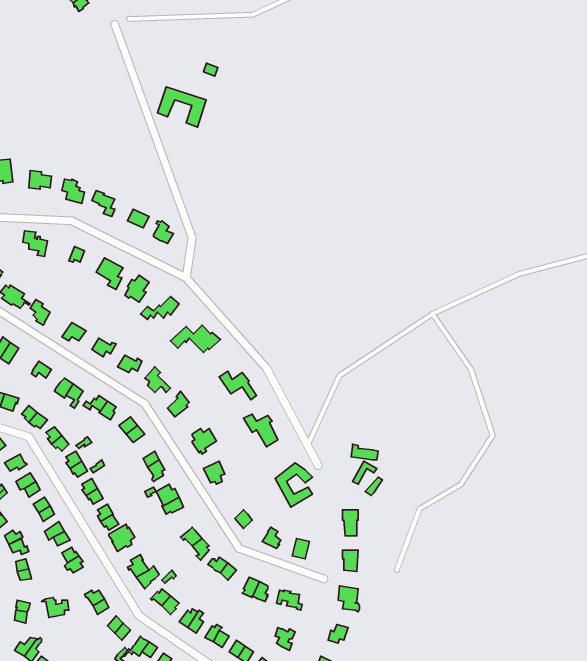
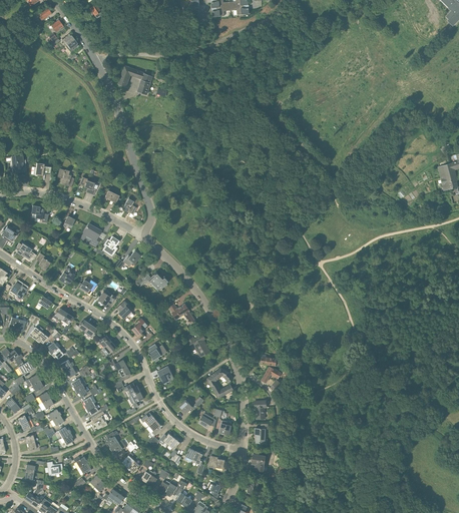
building: [158,87,206,127] -> [118,65,152,93]

